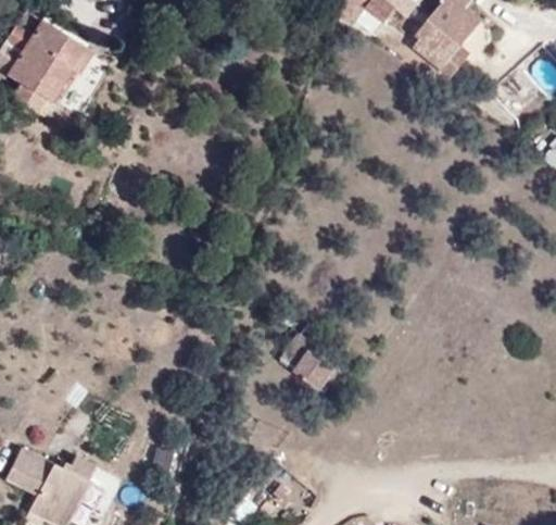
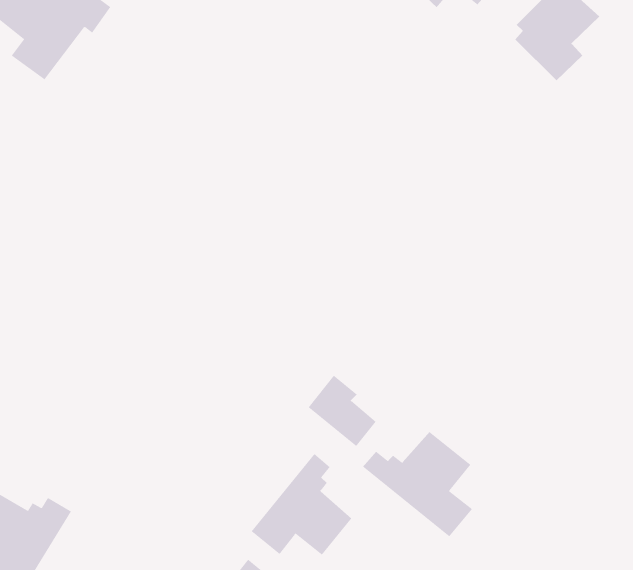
building: none -> [362,431,473,537]
building: none -> [251,453,352,555]

